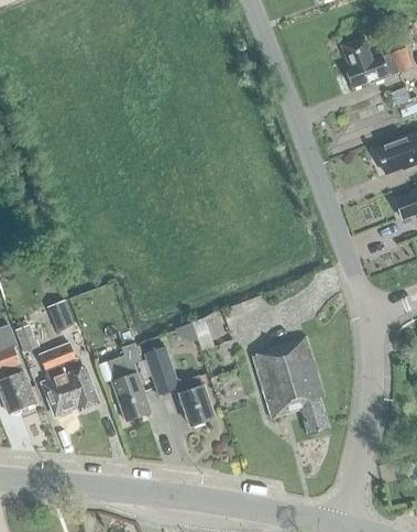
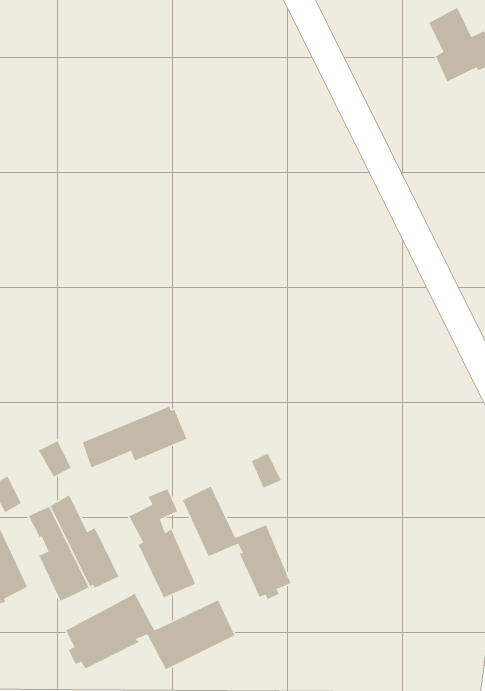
building: none -> [82,406,188,468]
building: [252,338,328,435] -> none
building: none -> [65,593,236,670]

